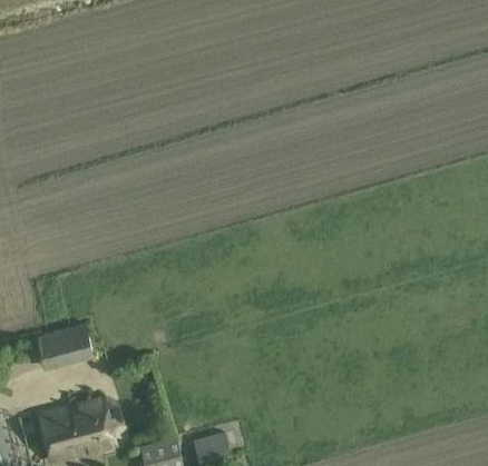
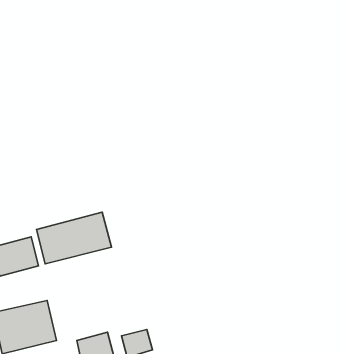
building: none -> [37,212,111,264]

